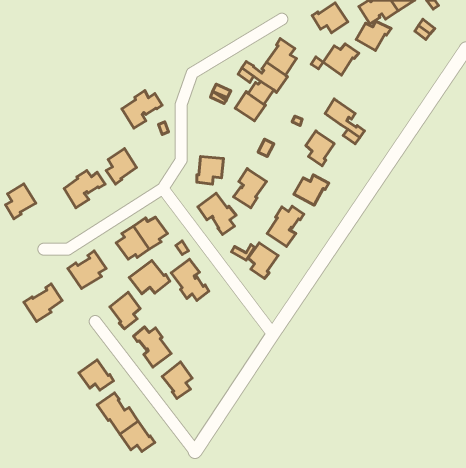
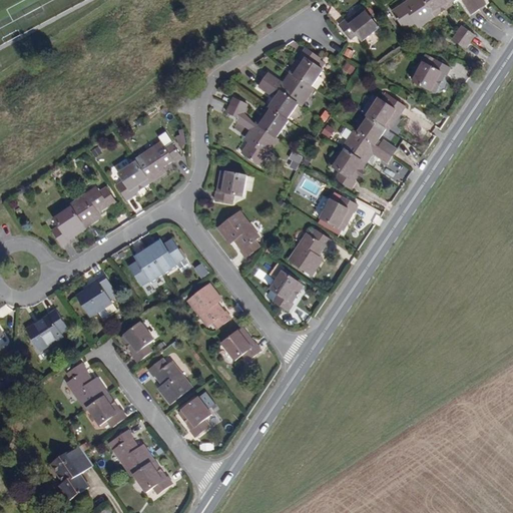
building: [356,21,391,51] -> [415,55,453,87]
building: [323,44,359,75] -> [369,90,408,124]
building: [122,91,162,128] -> [136,142,180,183]
building: none -> [347,126,373,156]
building: [233,169,266,208] -> [242,118,279,161]
building: [6,184,36,219] -> [50,206,83,244]
building: [129,260,170,294] -> none
building: none -> [220,330,260,362]
building: none -> [65,363,106,408]
building: none -> [55,454,98,508]

